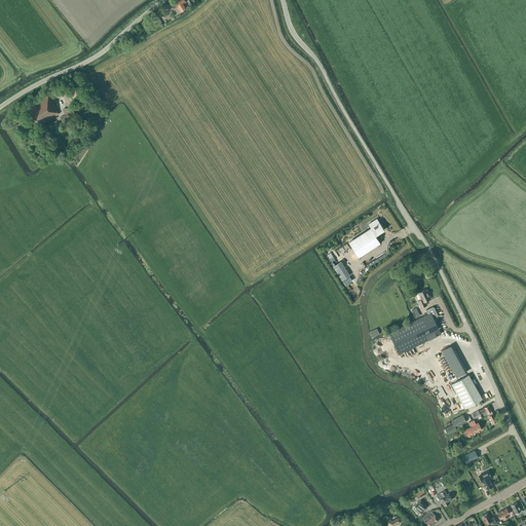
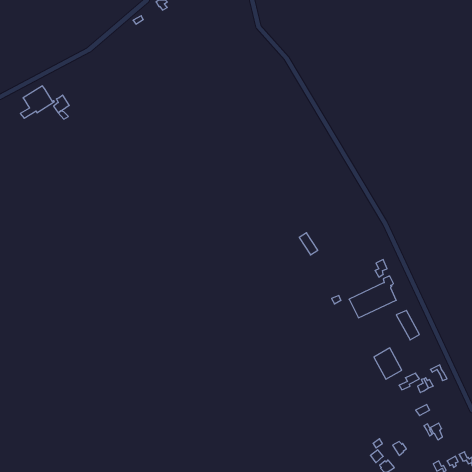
building: [348,219,384,257] -> none
building: [451,374,482,409] -> [374,348,402,379]

